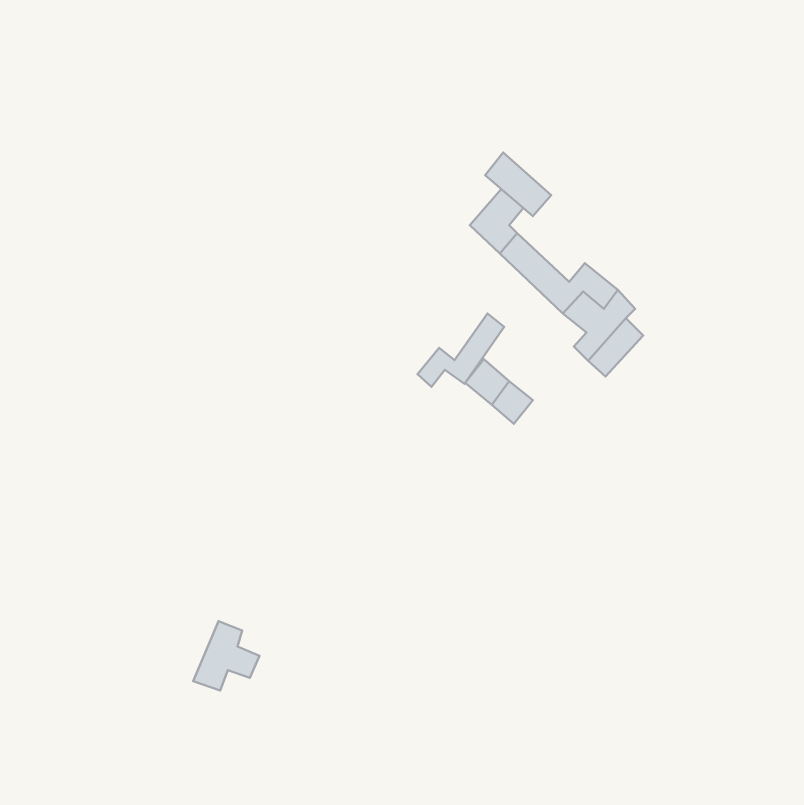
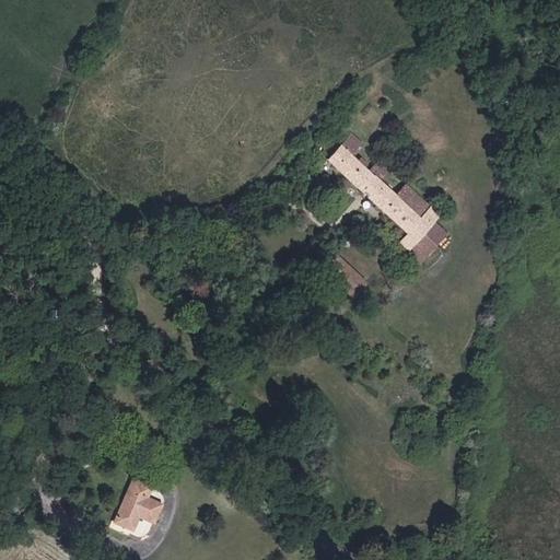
building: [485,153,551,216] -> none
building: [417,314,504,387] -> none
building: [193,621,259,691] -> [114,486,160,534]

